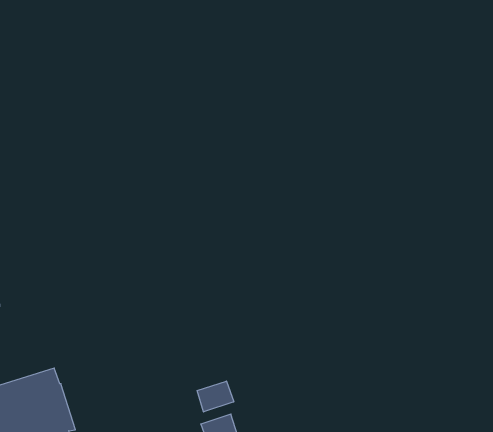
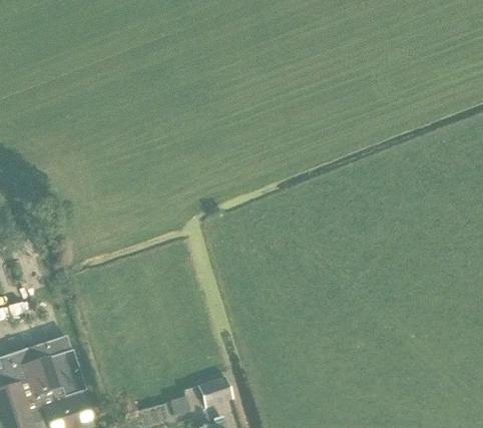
building: [197,381,234,412] -> none

